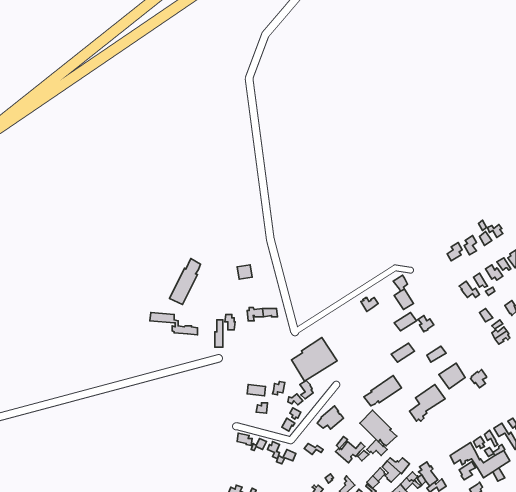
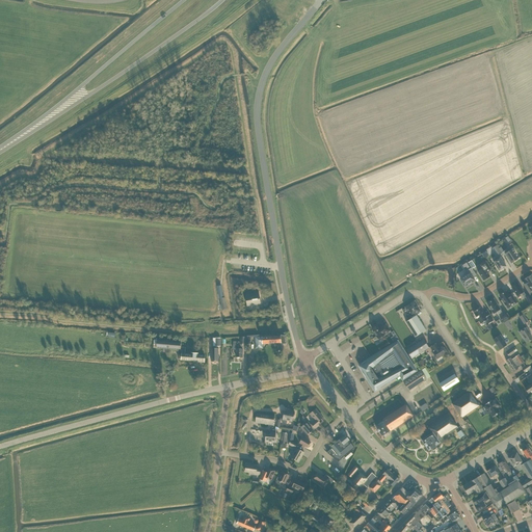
building: [170,258,201,305] -> none
building: [291,338,337,381] -> [361,343,407,388]
building: [360,410,397,446] -> none

